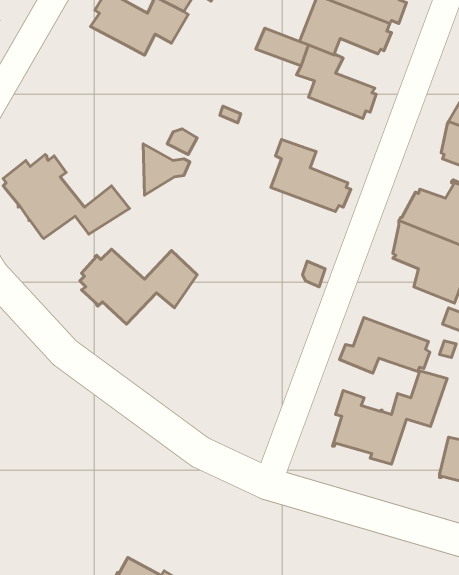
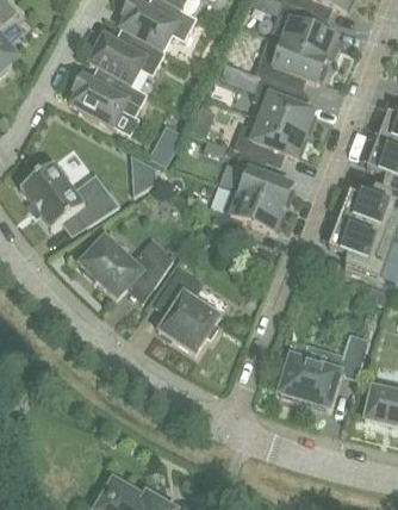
building: none -> [71,73,148,125]
building: none -> [234,116,305,156]
building: none -> [155,266,219,352]
building: [340,317,430,373] -> [212,187,284,231]

